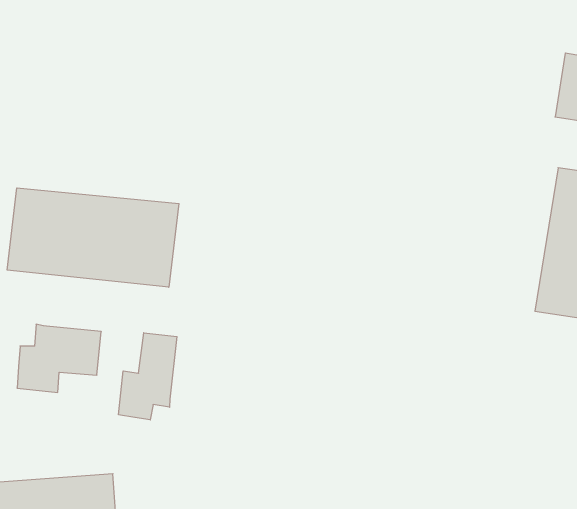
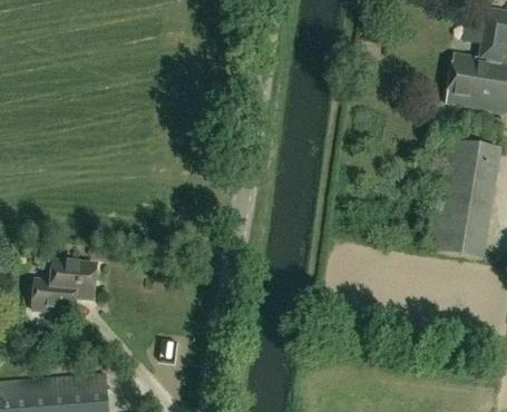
building: [7,188,179,287] -> none
building: [119,333,177,420] -> none

